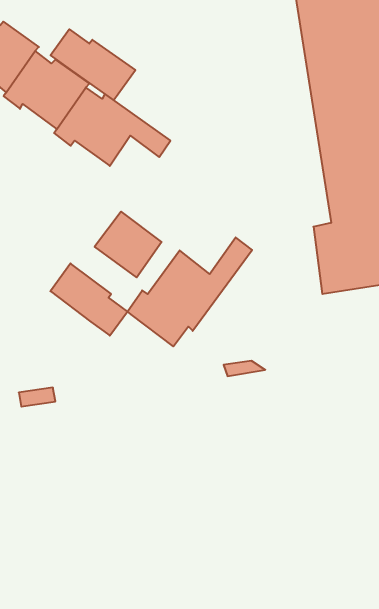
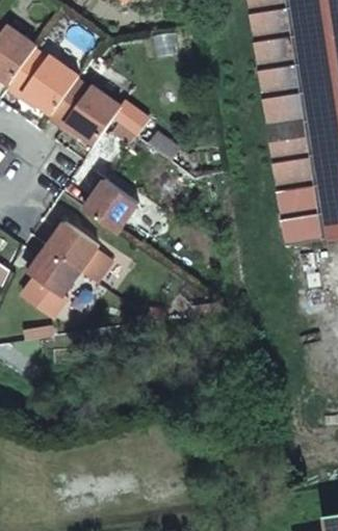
building: [51,29,135,100] -> none
building: [127,237,252,346] -> none
building: none -> [23,244,80,315]

